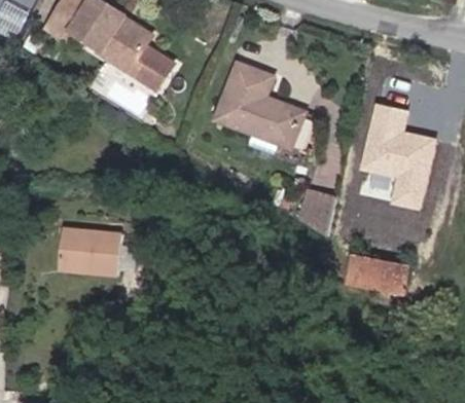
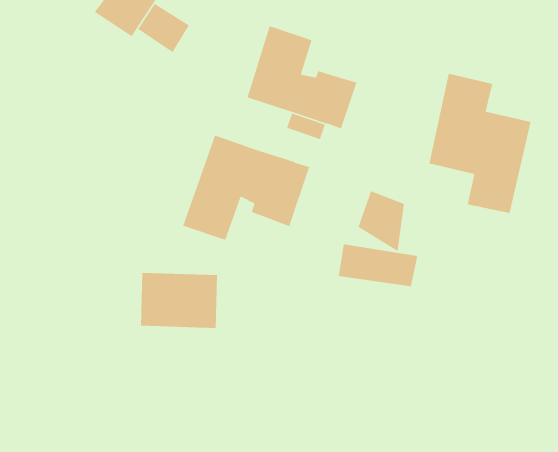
building: none -> [182,134,310,241]
building: [62,228,122,272] -> [140,272,218,329]
building: [357,263,420,297] -> [338,244,418,287]

